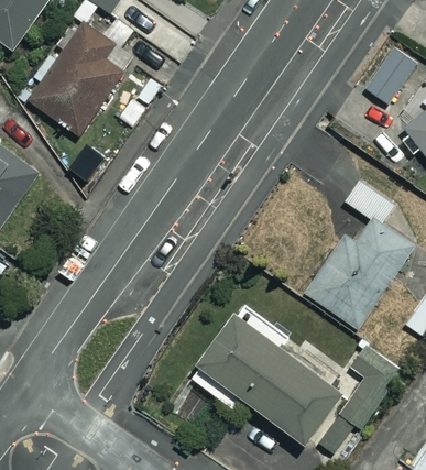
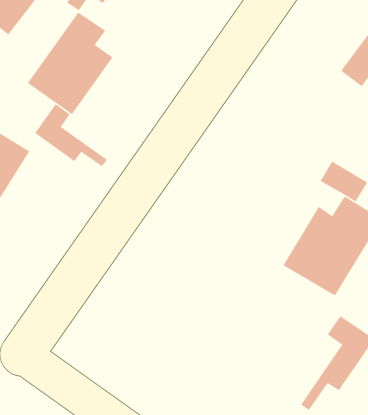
building: none -> [34,103,108,167]
building: [188,302,341,444] -> none

